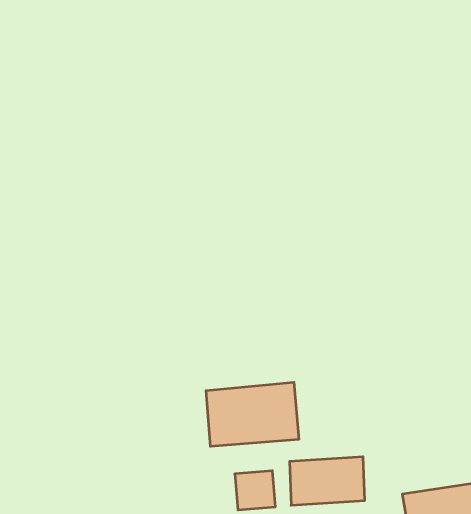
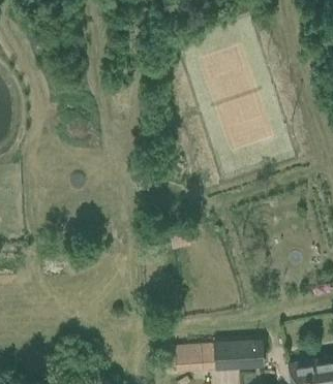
building: [206,382,299,446] -> none

